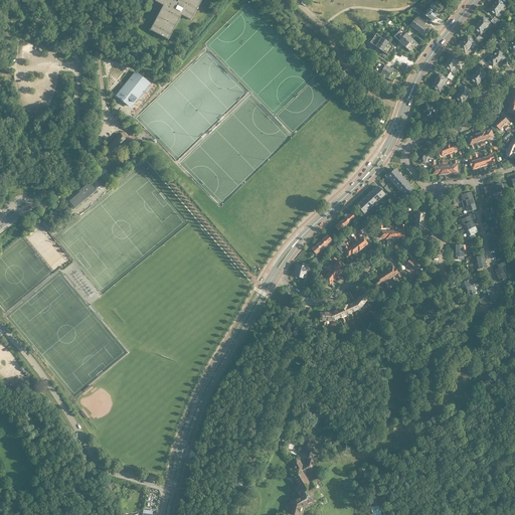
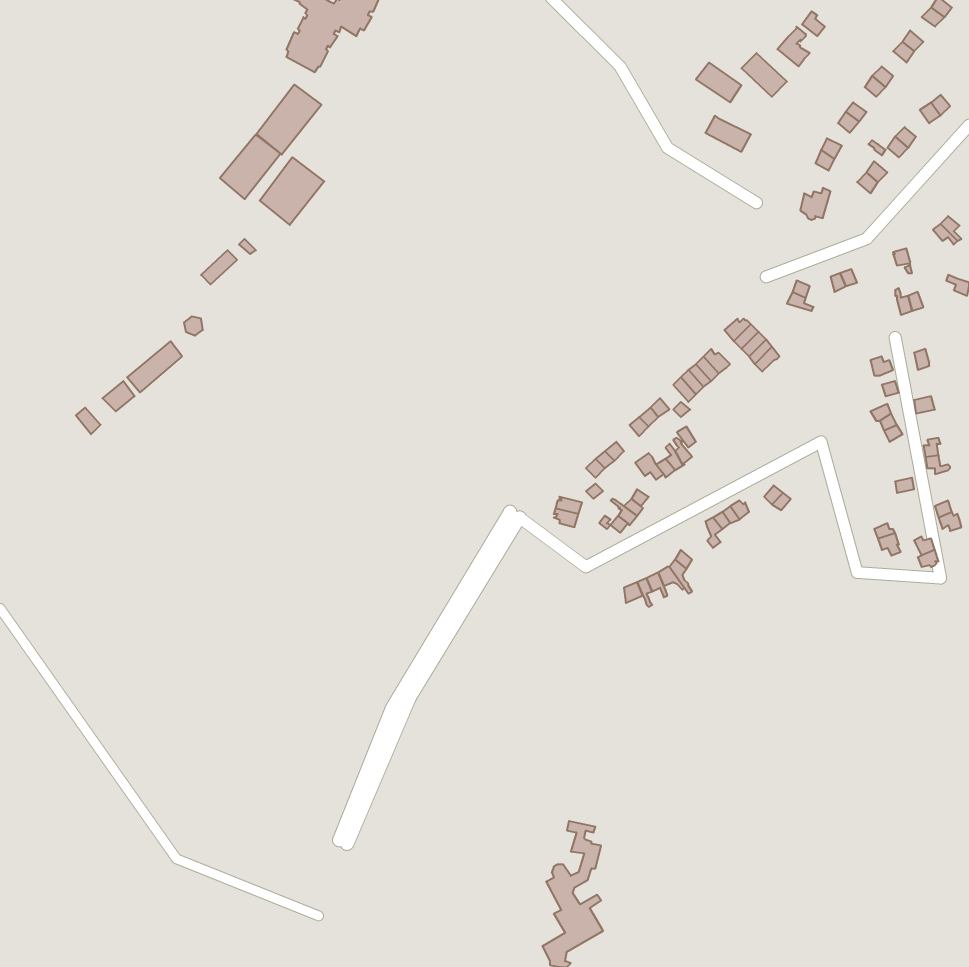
building: none -> [257,85,321,155]
building: none -> [260,157,324,225]

